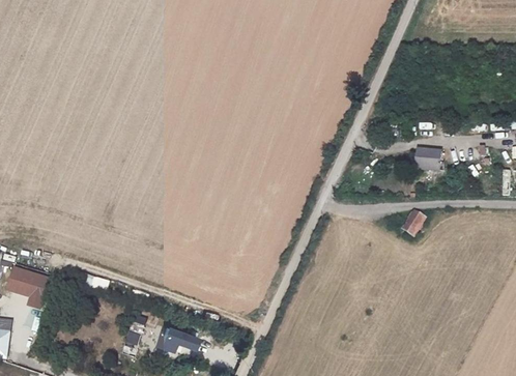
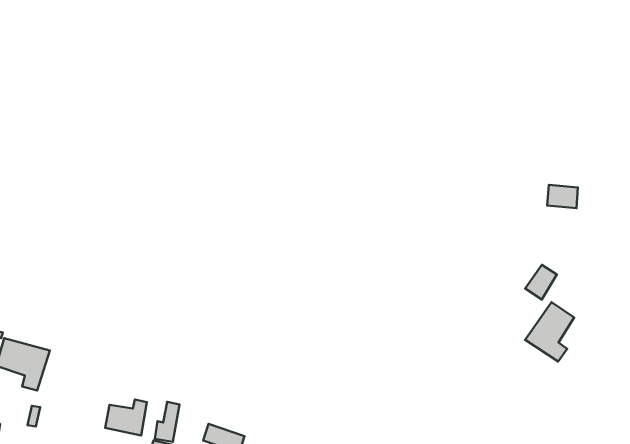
building: none -> [525,302,574,361]
building: none -> [105,400,147,435]

